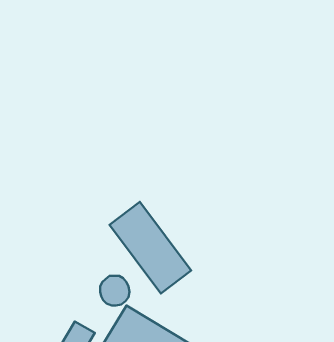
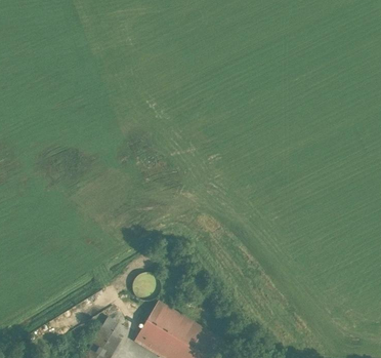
building: [109,202,191,293] -> none

